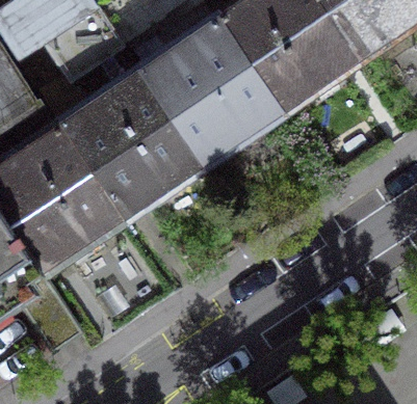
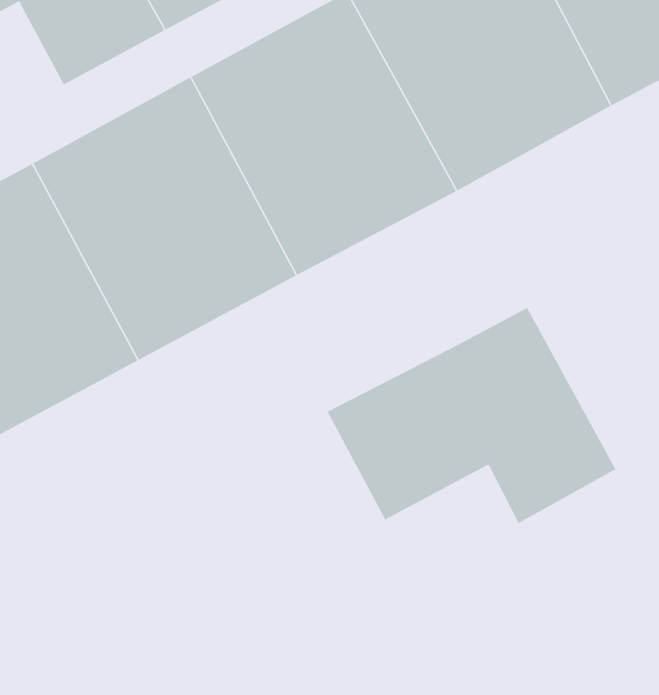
building: none -> [327,307,616,524]

